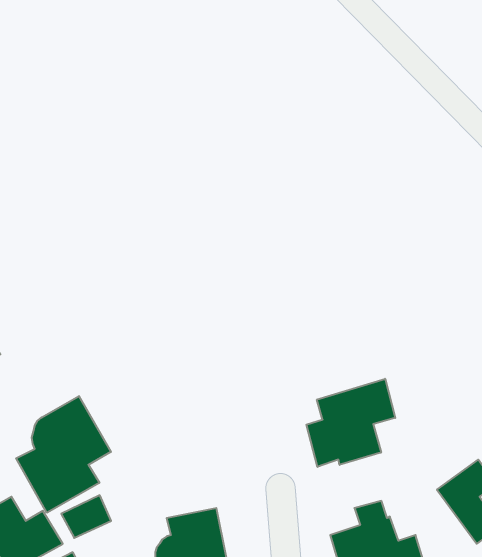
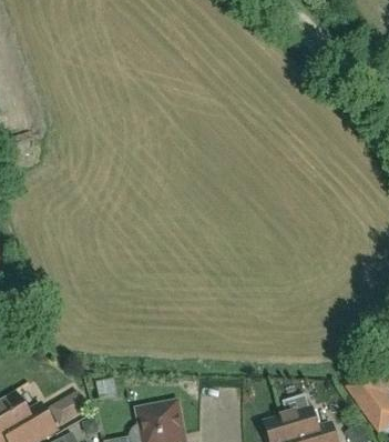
building: [306,379,395,467] -> none
building: [16,396,111,513] -> none

